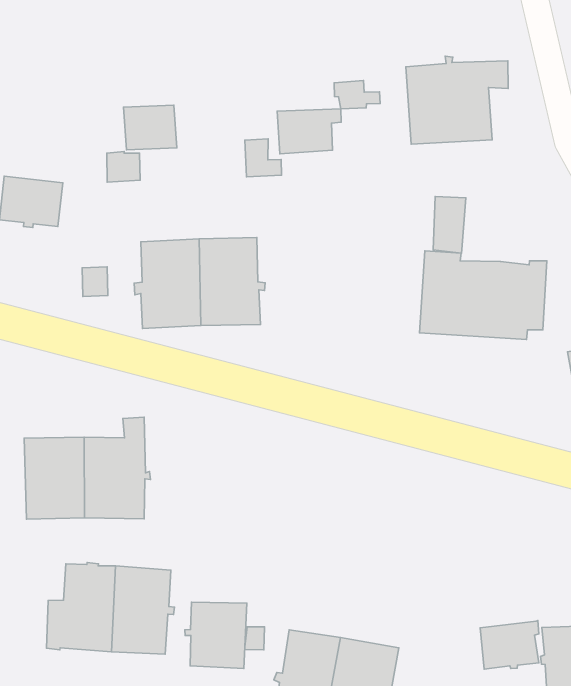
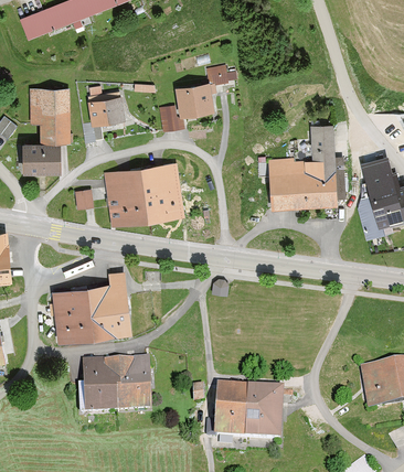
building: [406,56,508,144] -> none
building: none -> [30,89,72,141]
building: [433,196,466,253] -> [312,129,331,161]
building: [185,602,247,669] -> none
building: [480,621,539,669] -> none

